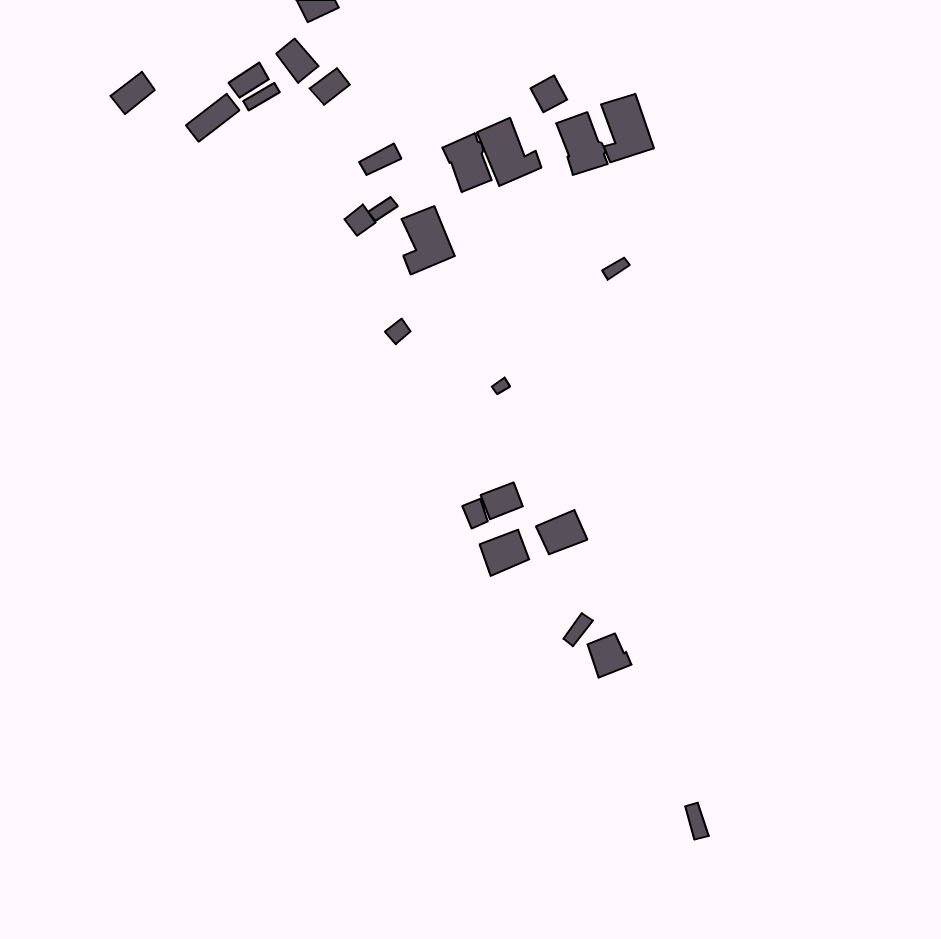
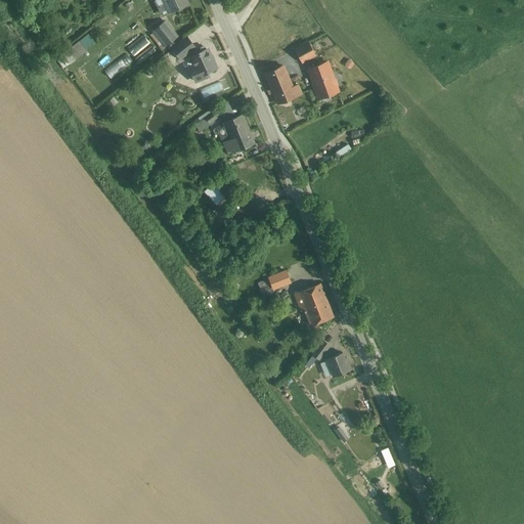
building: none -> [189,48,217,82]
building: [601,94,654,162] -> none
building: [442,133,492,192] -> none
building: [480,530,529,576] -> [305,301,333,326]

